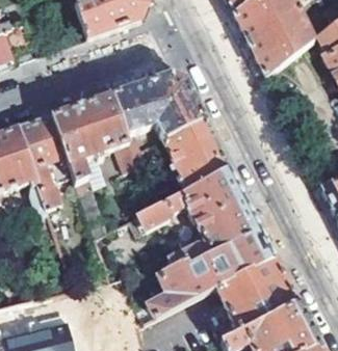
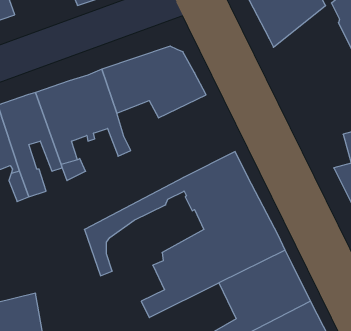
building: [162,117,231,191] -> none

